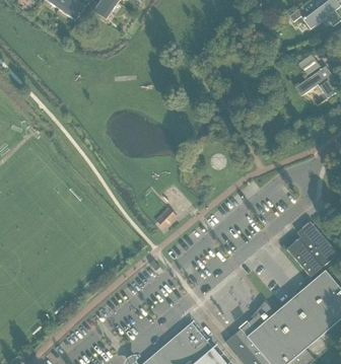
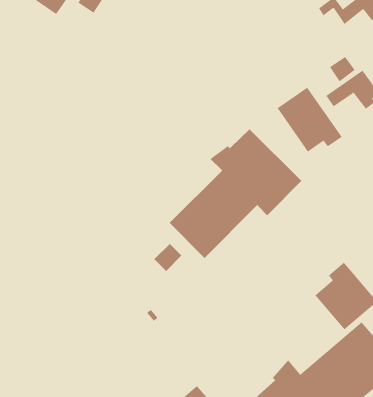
building: none -> [277,87,342,152]
building: none -> [169,128,302,259]

